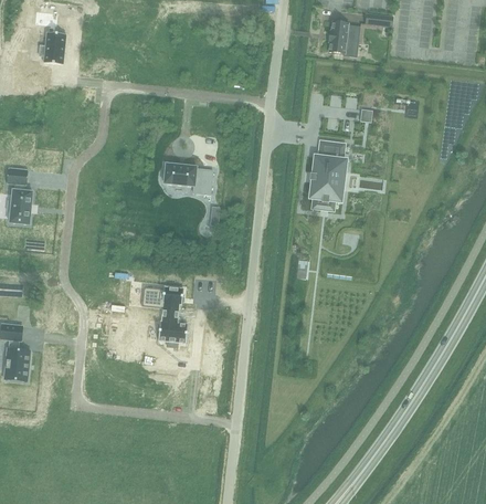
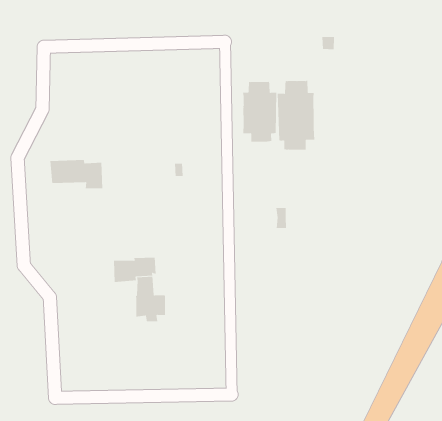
building: none -> [243,80,277,142]
building: [162,161,211,193] -> [49,160,103,189]

